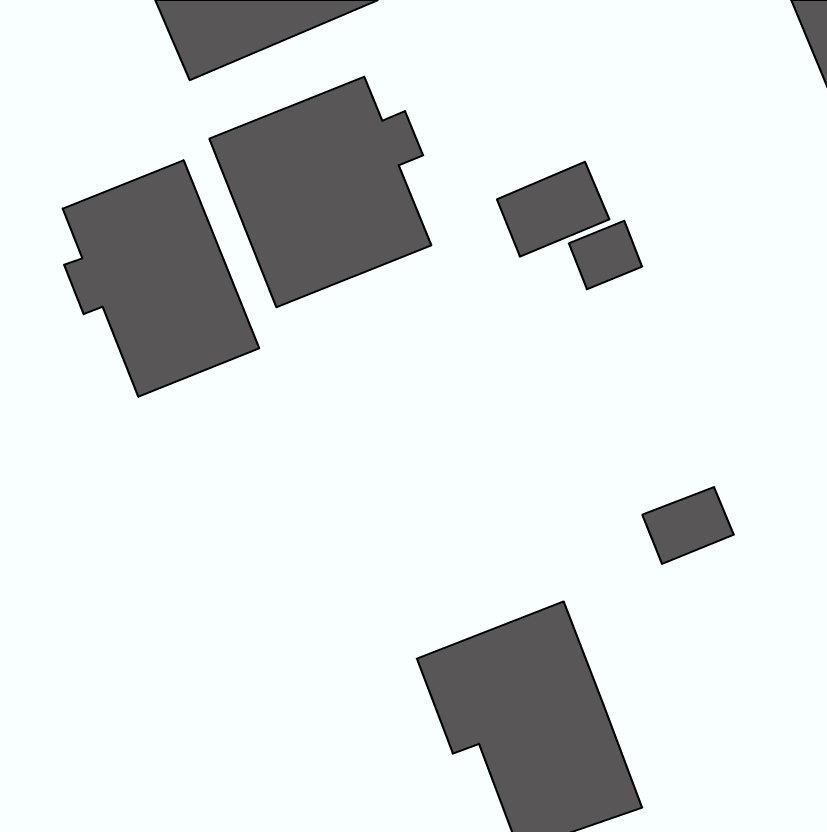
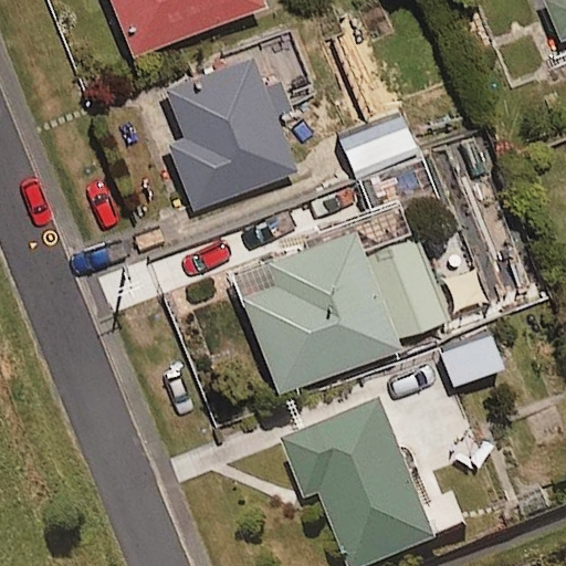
building: [63,160,259,397] -> none
building: none -> [234,226,449,390]

